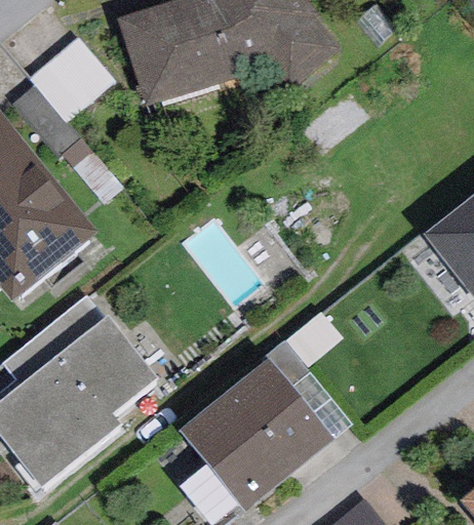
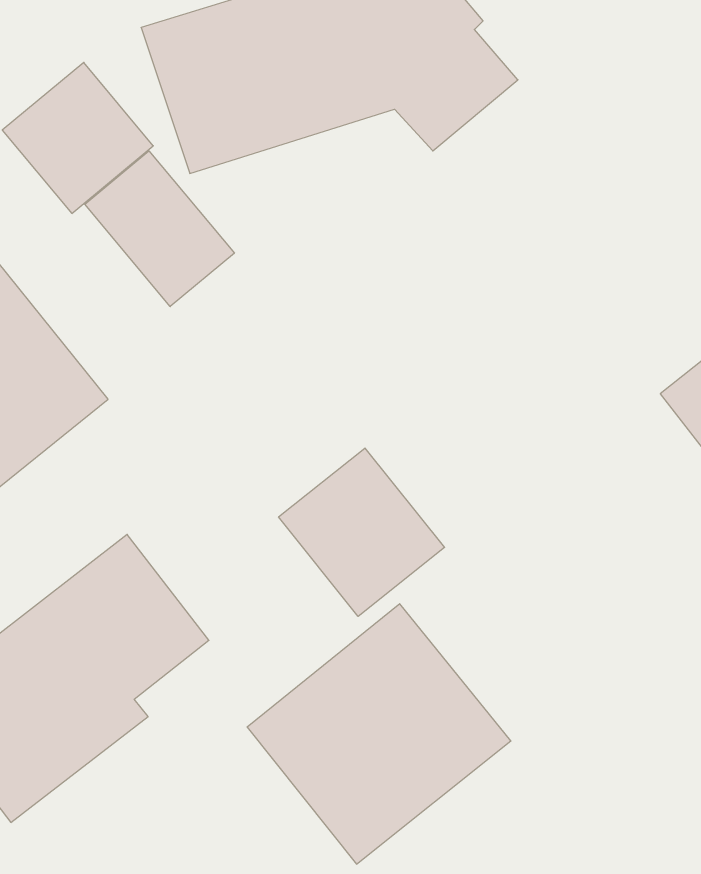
building: none -> [85,151,234,307]
building: none -> [279,448,445,616]

